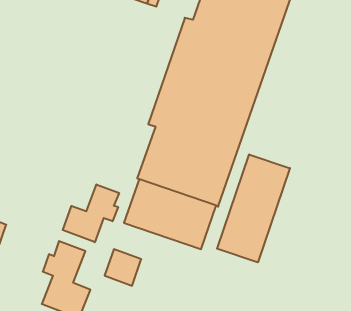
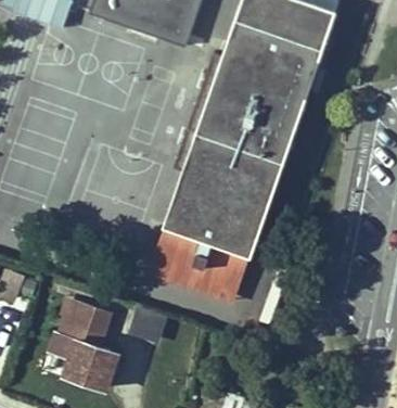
building: [217,154,290,262] -> none
building: [63,184,119,242] -> none

